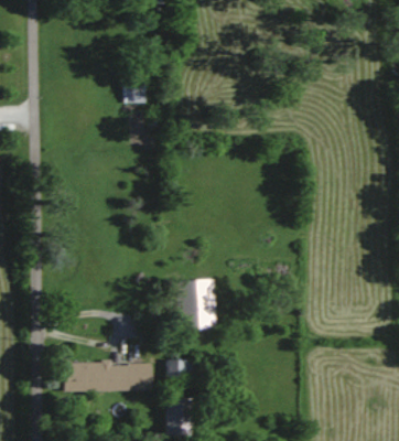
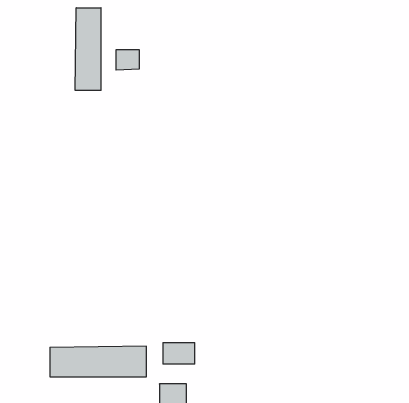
building: none -> [75,8,101,90]
building: [177,280,213,330] -> none

